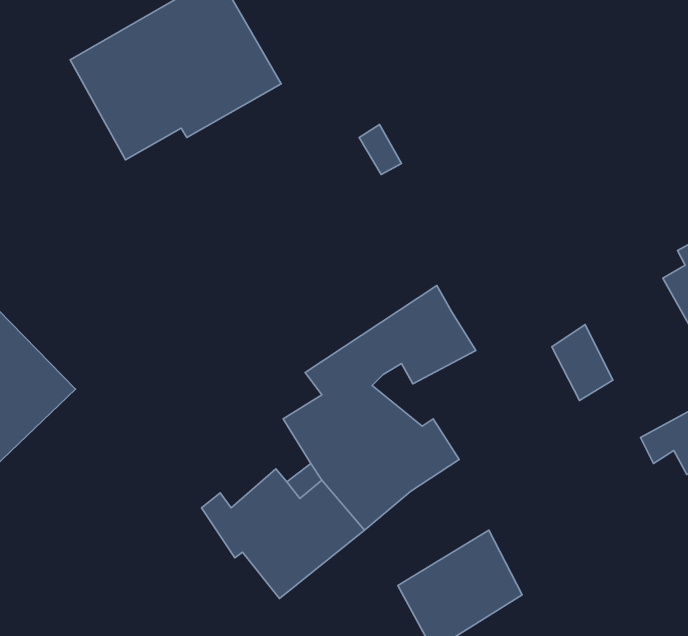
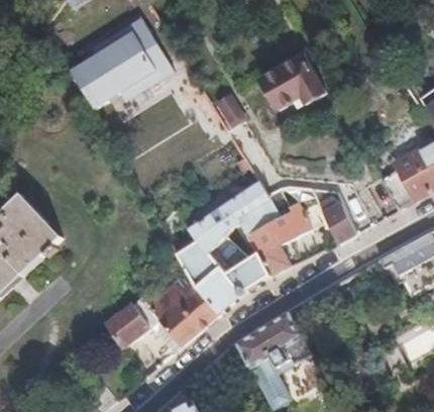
building: none -> [259,53,326,109]
building: none -> [246,201,311,275]
building: none -> [104,301,149,348]

